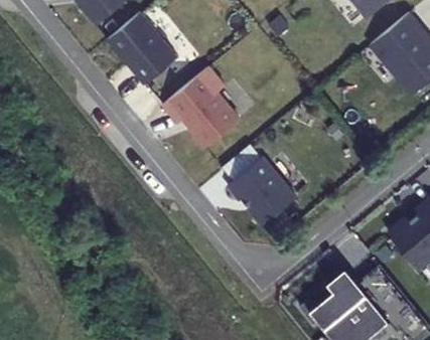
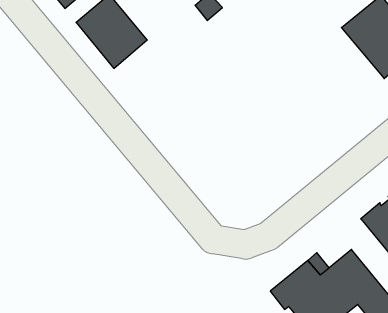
building: [163,66,240,148] -> none
building: [227,156,296,226] -> none

